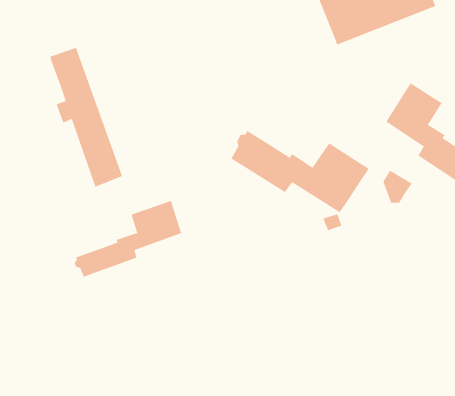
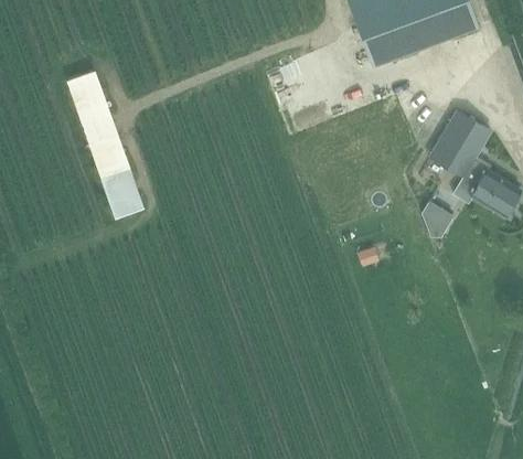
building: [231,130,370,213] -> none
building: [74,200,182,277] -> none

